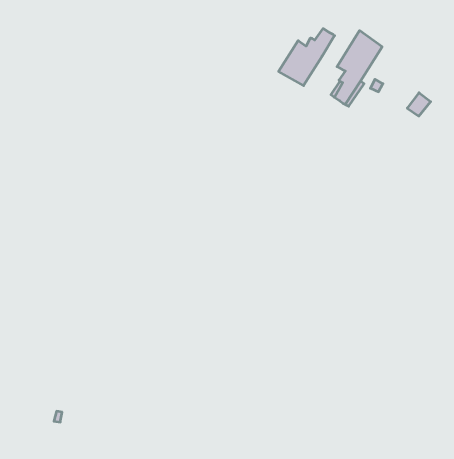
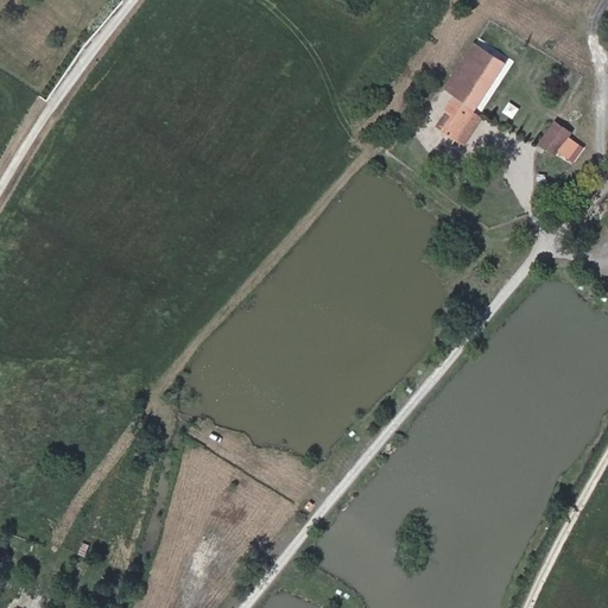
building: [279,29,335,86] -> none

